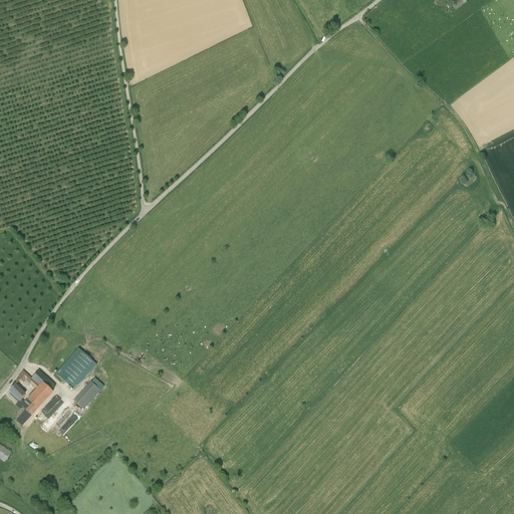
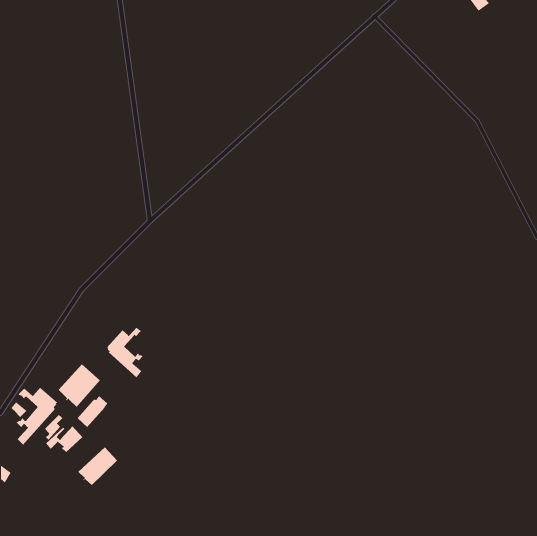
building: none -> [106,327,143,378]
building: none -> [78,447,118,486]

